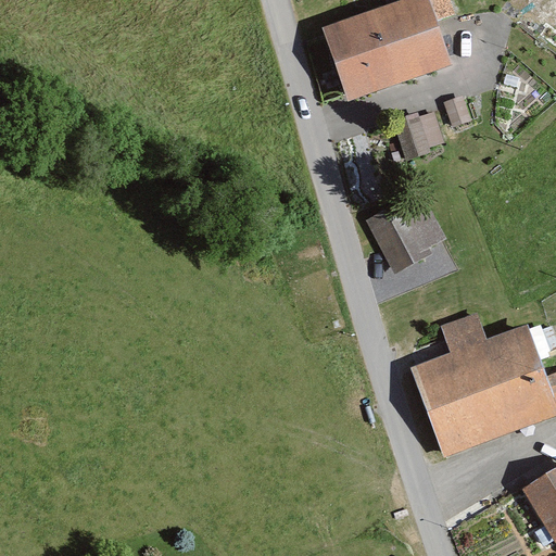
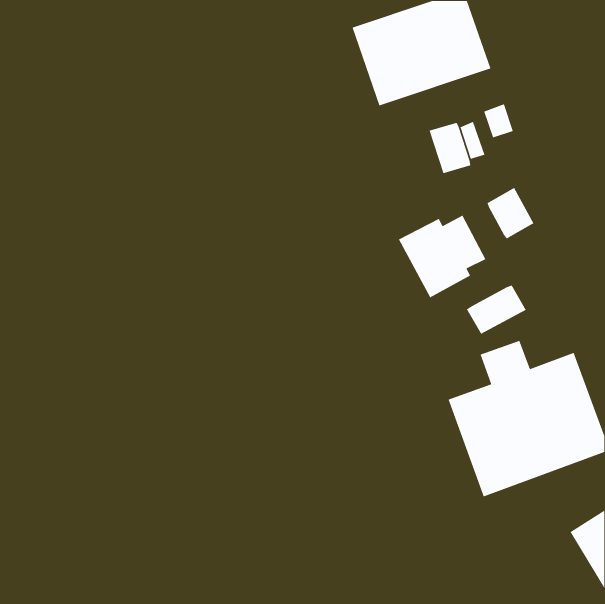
building: none -> [487,187,534,240]
building: none -> [466,285,527,335]

